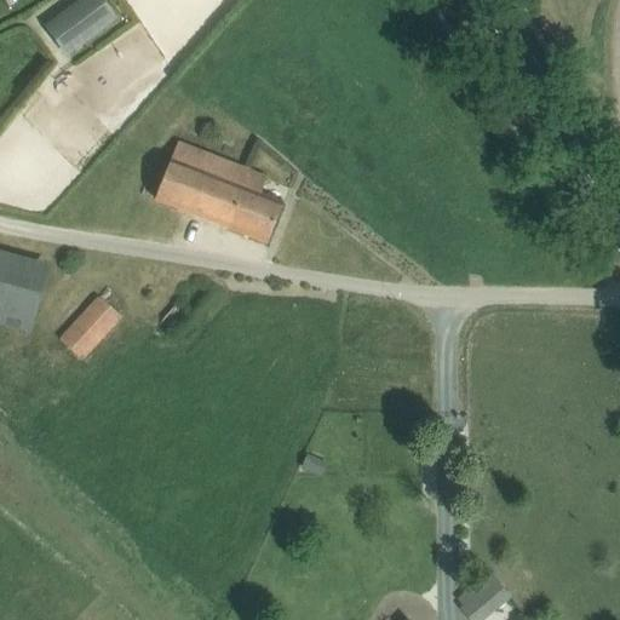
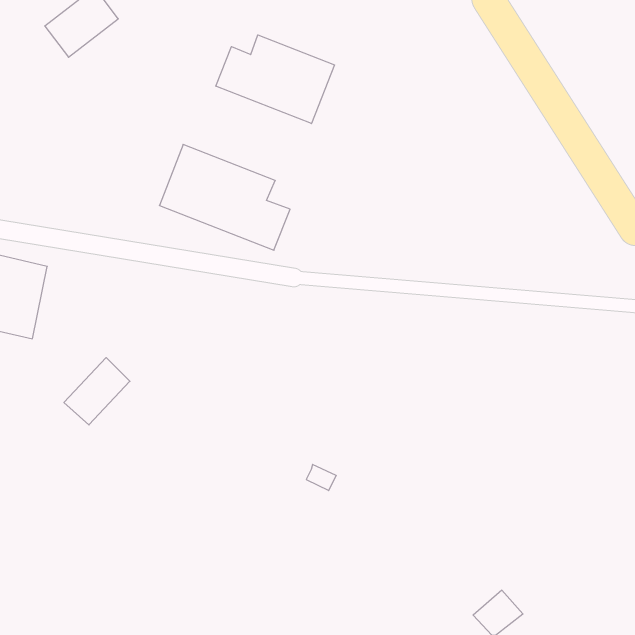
building: none -> [216,35,335,124]
building: [57,293,121,358] -> [64,358,130,425]

